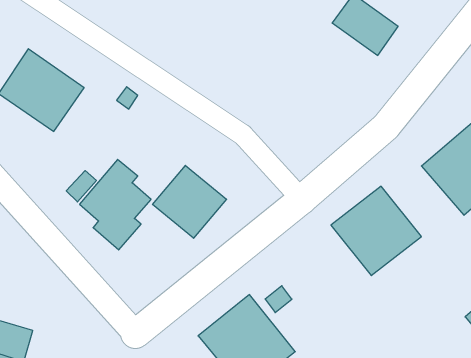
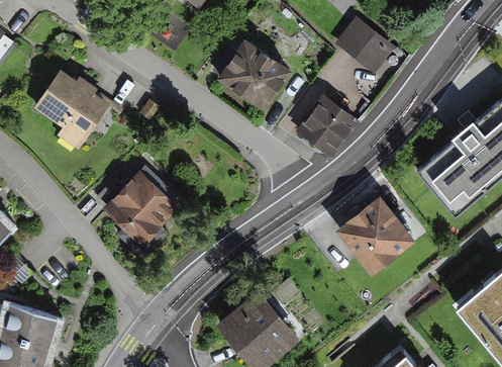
building: none -> [215,35,296,114]
building: none -> [296,94,358,156]
building: [153,165,227,238] -> none

